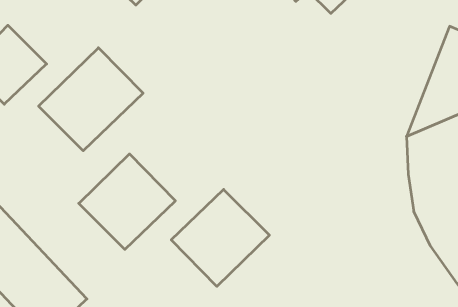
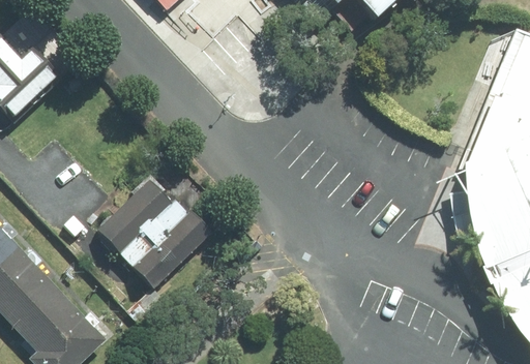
building: [39,48,143,151] -> none
building: [171,189,269,286] -> none

